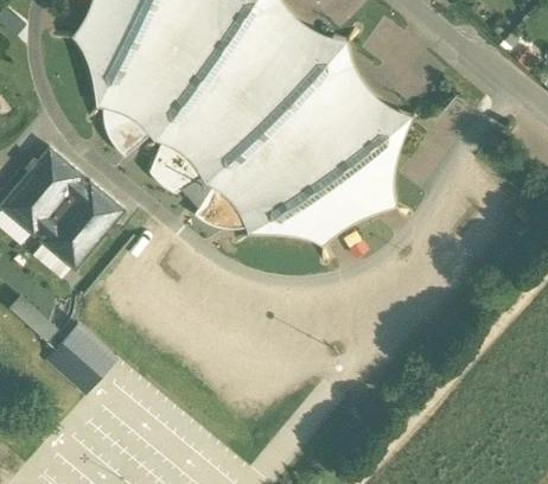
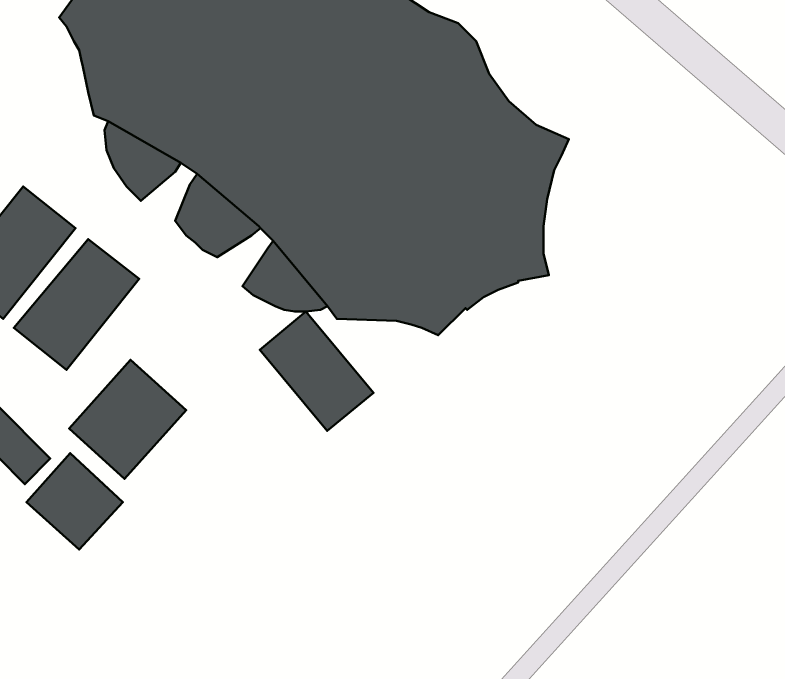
building: none -> [260,312,373,431]
building: none -> [69,360,186,479]

